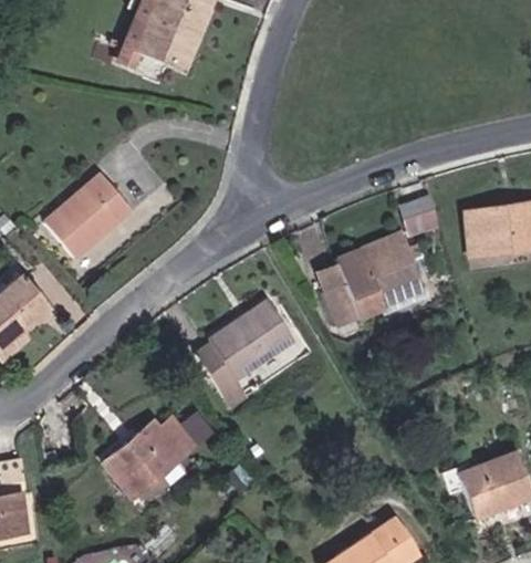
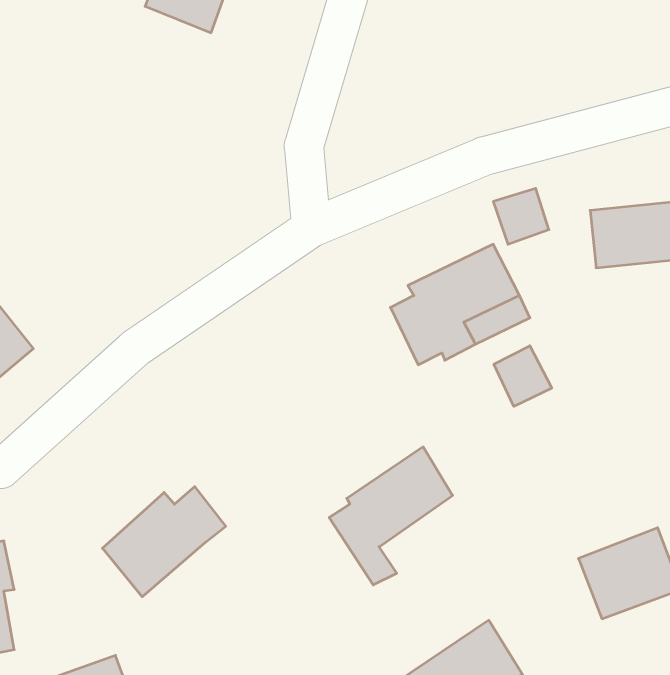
building: [43,179,133,269] -> none
building: [199,302,292,406] -> [329,447,453,585]
building: none -> [494,346,552,406]

